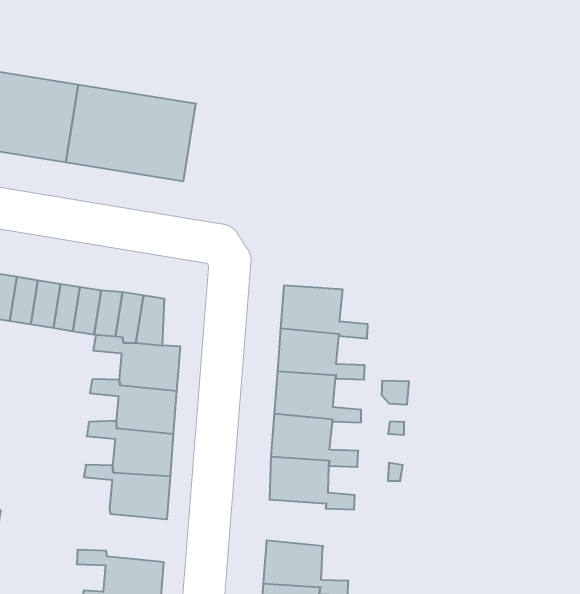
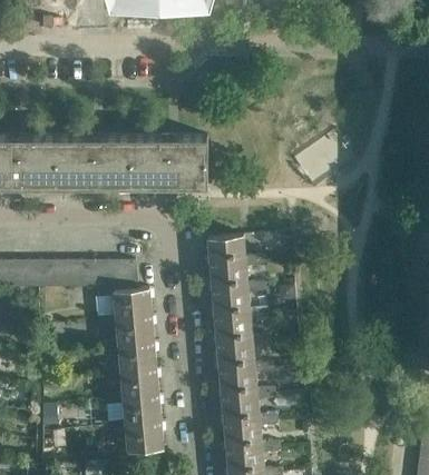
building: none -> [135,138,207,187]
building: none -> [220,372,275,400]
building: none -> [105,396,160,426]

